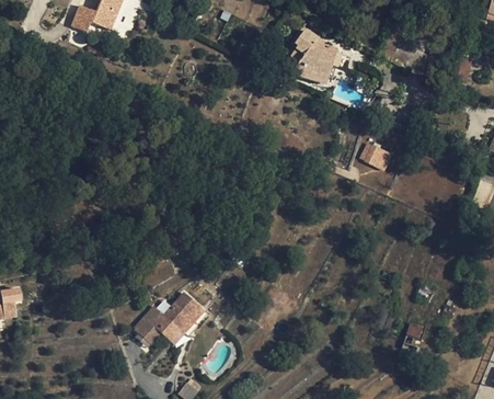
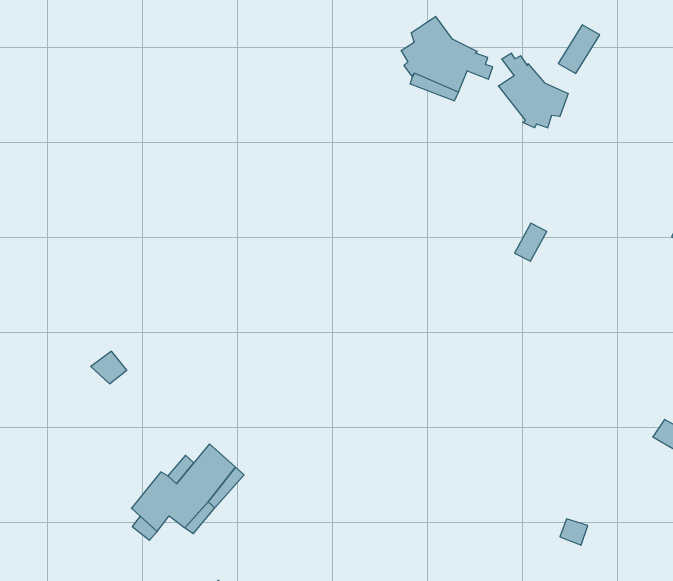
building: none -> [498,53,568,128]

